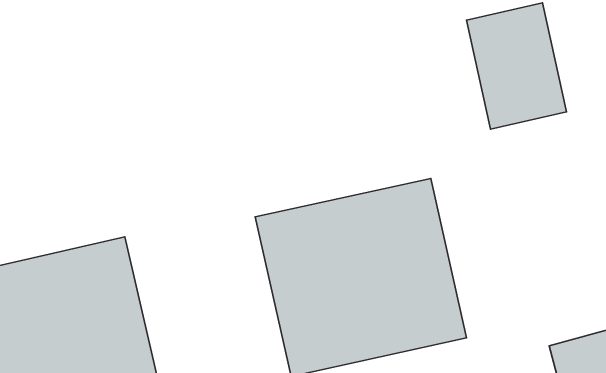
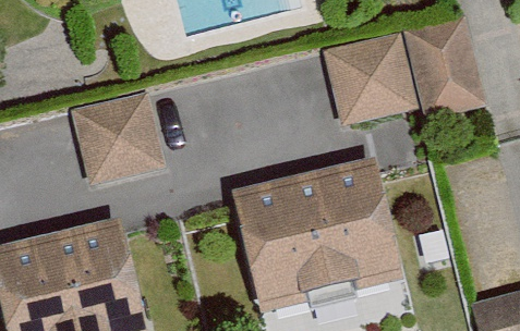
building: none -> [318,29,413,126]
building: none -> [66,91,165,189]

